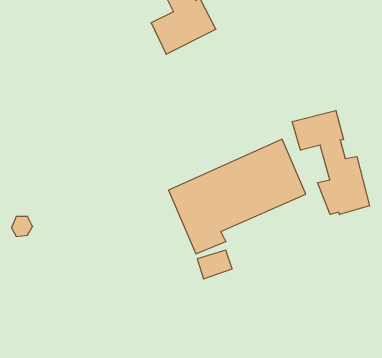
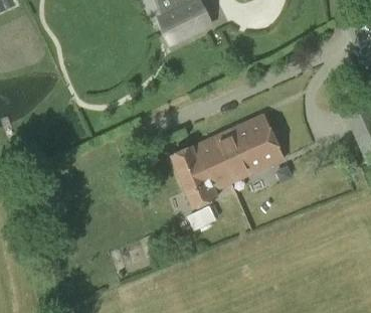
building: [292,110,370,215] -> none

